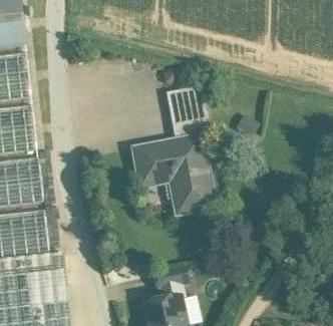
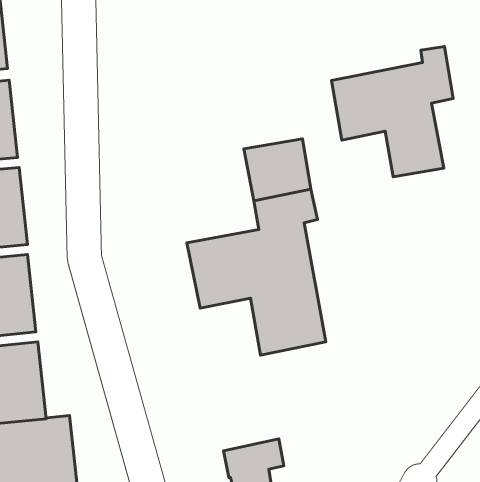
building: none -> [332,47,453,177]

